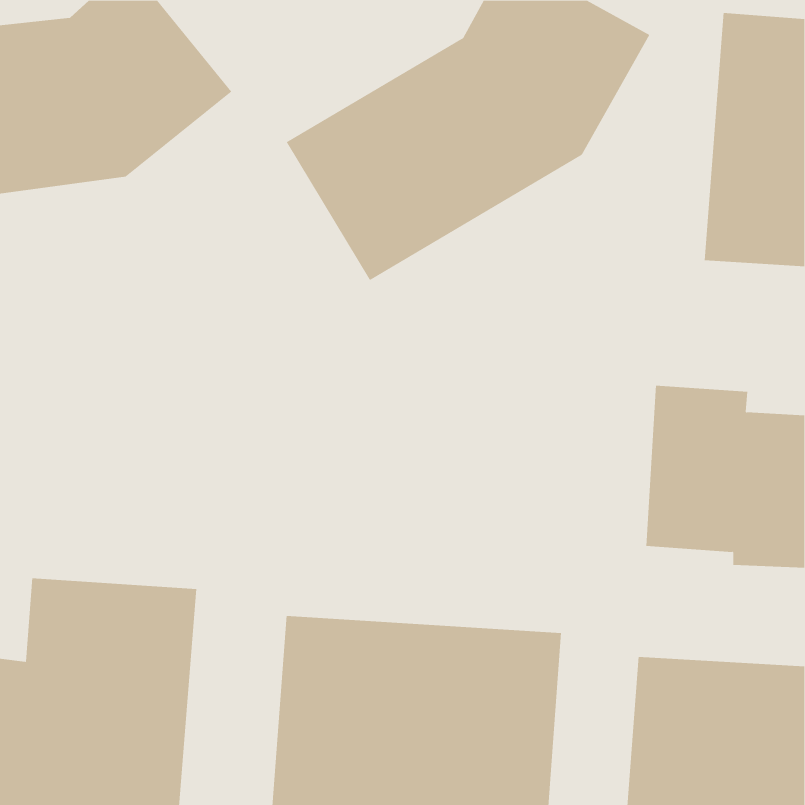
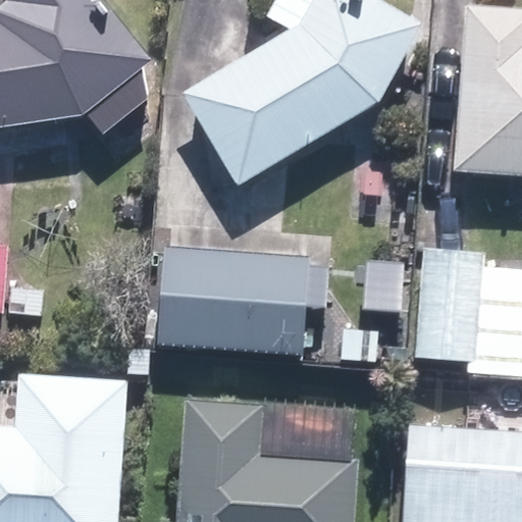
building: none -> [159,252,306,352]

